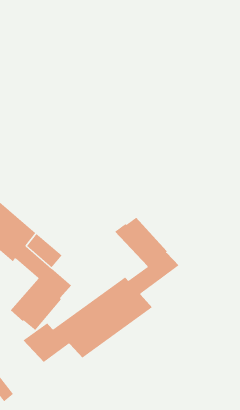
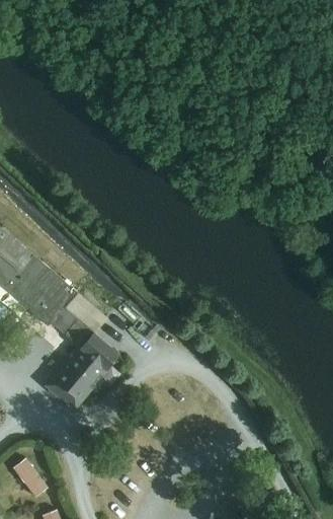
building: [23,217,179,363] -> none

